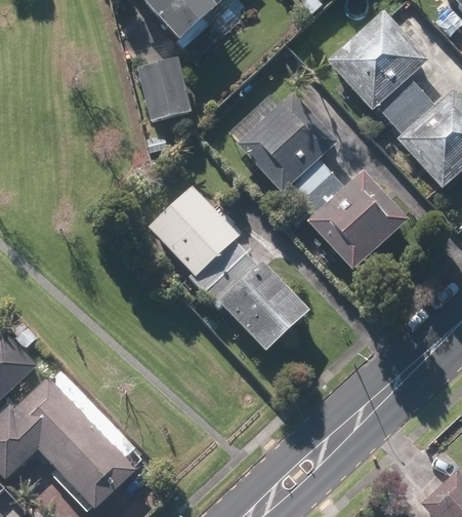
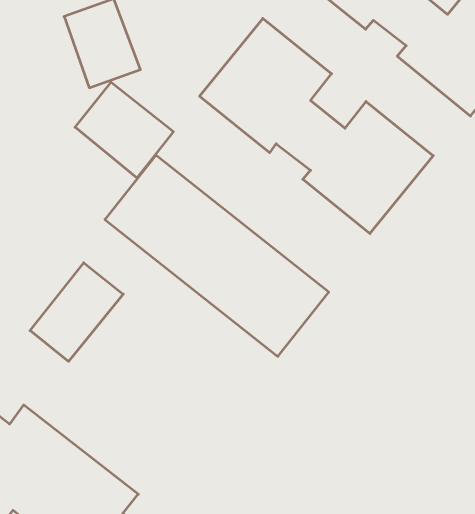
building: none -> [75,82,173,178]
building: none -> [30,263,123,361]

